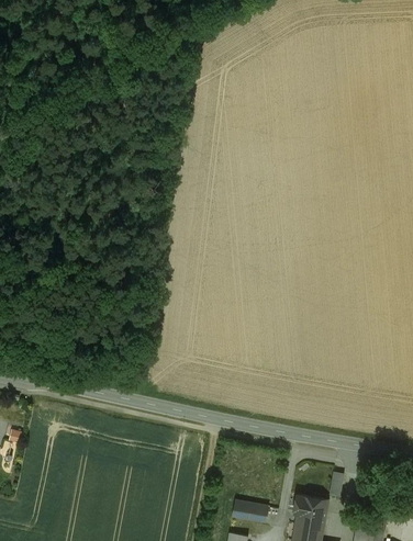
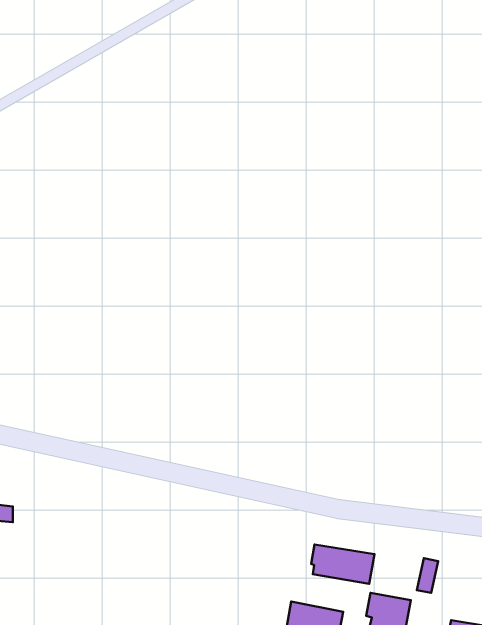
building: none -> [311,545,374,584]

